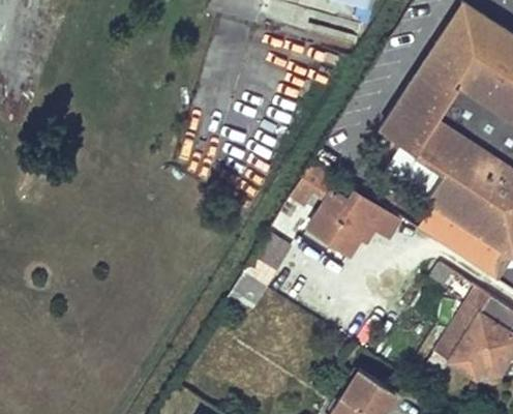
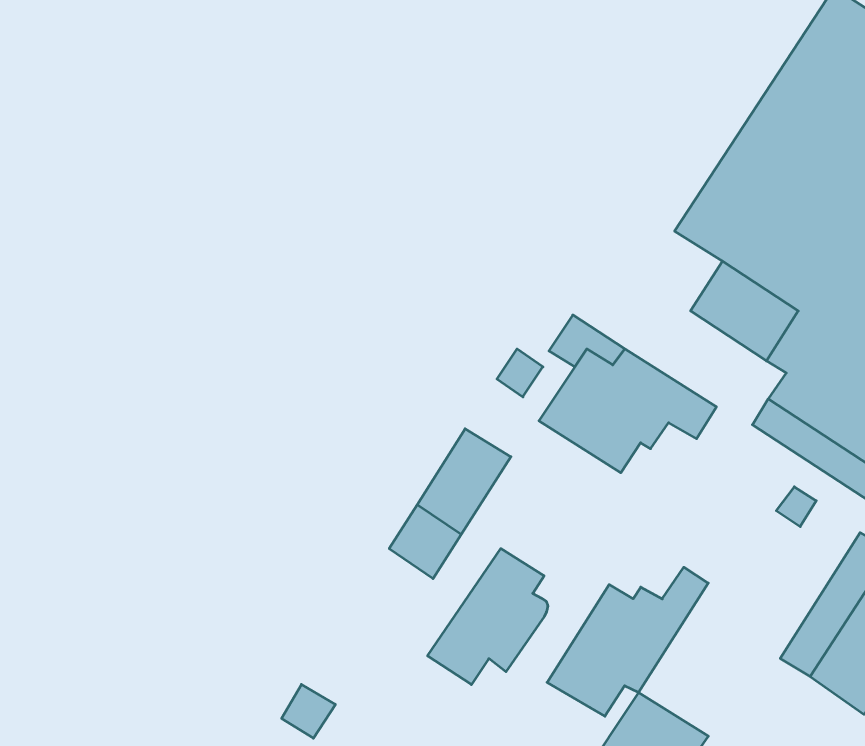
building: none -> [428,549,548,685]
building: none -> [547,567,708,716]

